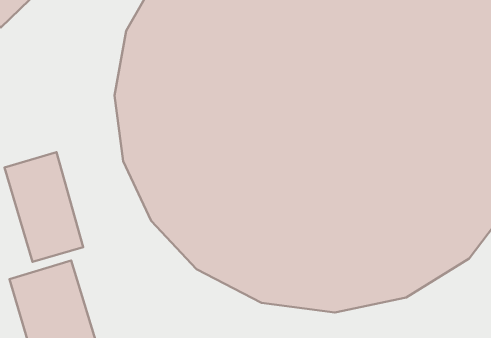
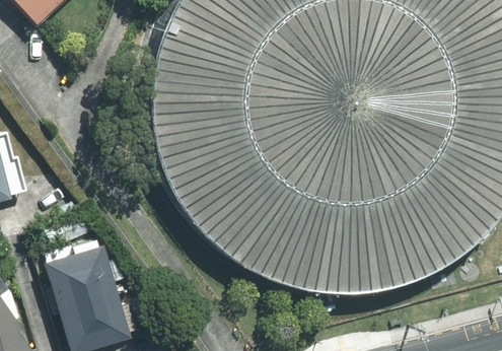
building: [5,152,83,262] -> none

